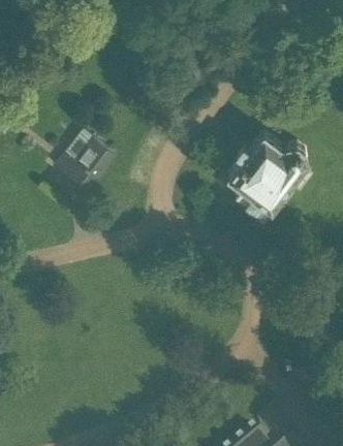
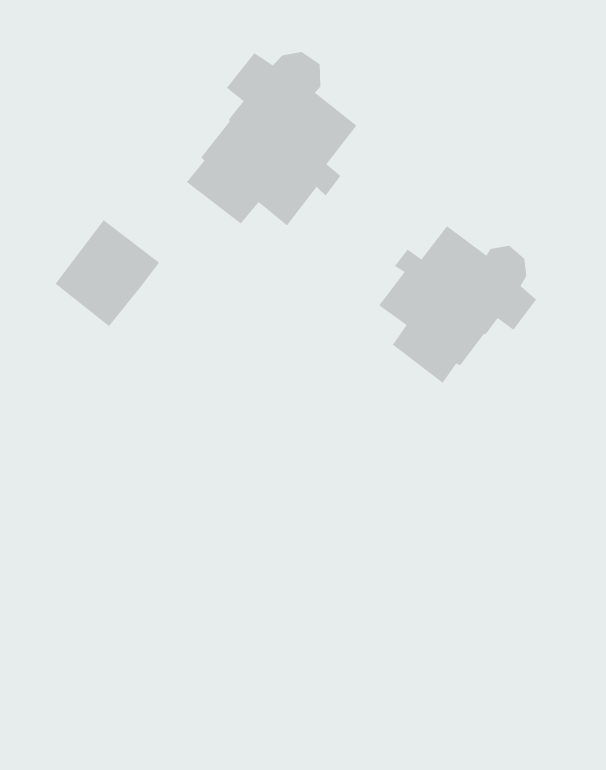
building: none -> [186,51,357,227]

